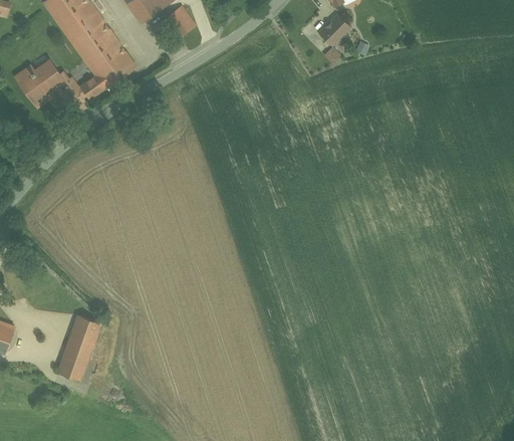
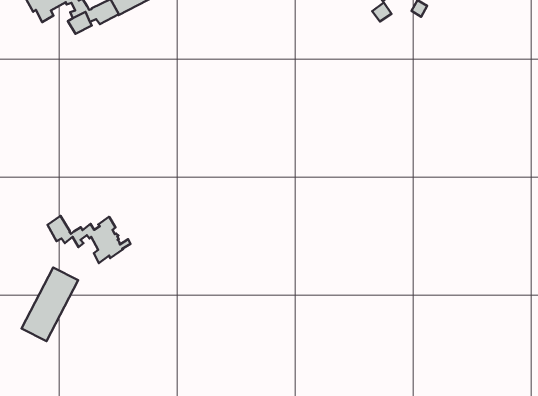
building: none -> [48,216,131,263]

